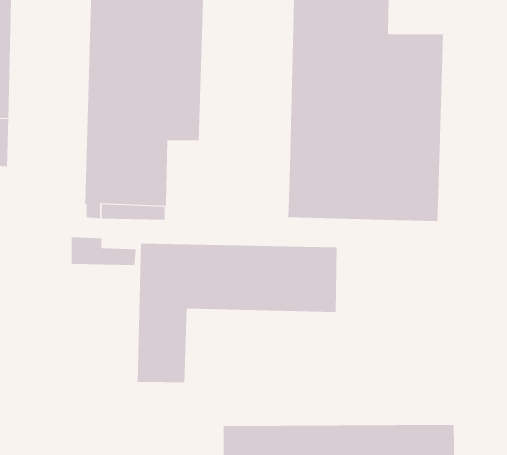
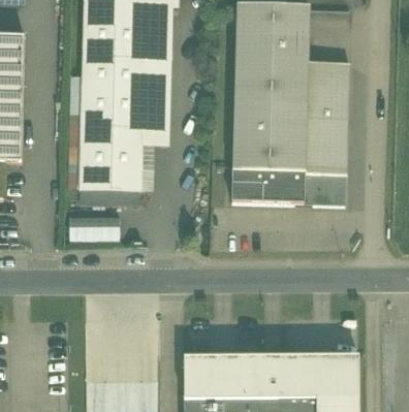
building: [137,243,337,383] -> none

